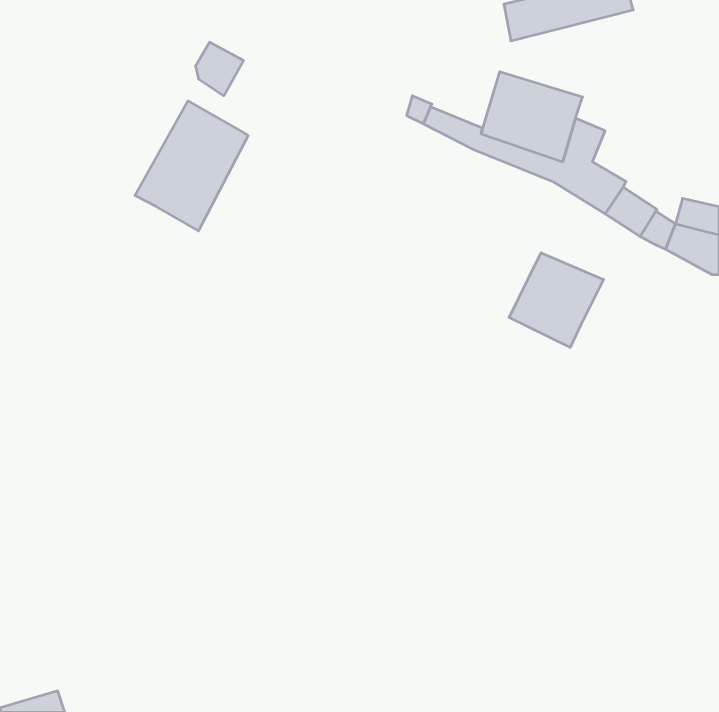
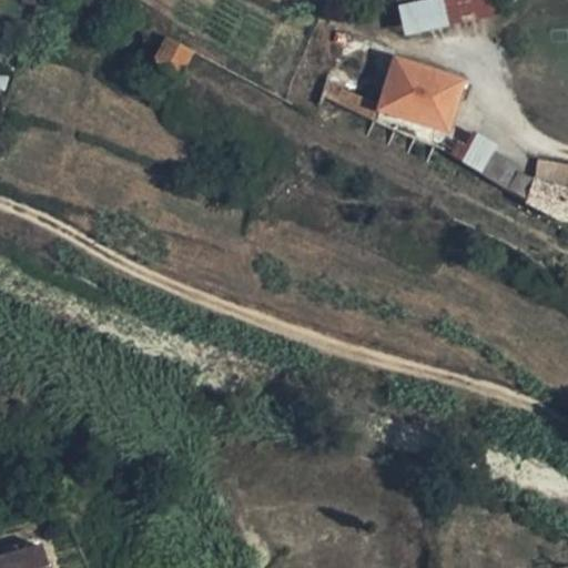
building: [135,101,248,231] -> none
building: [509,253,604,347] -> none

